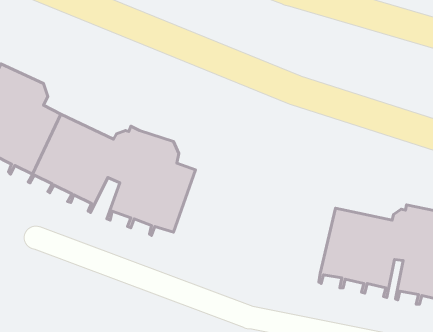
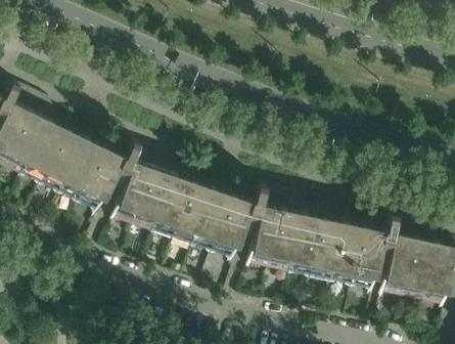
building: none -> [173,182,327,285]

